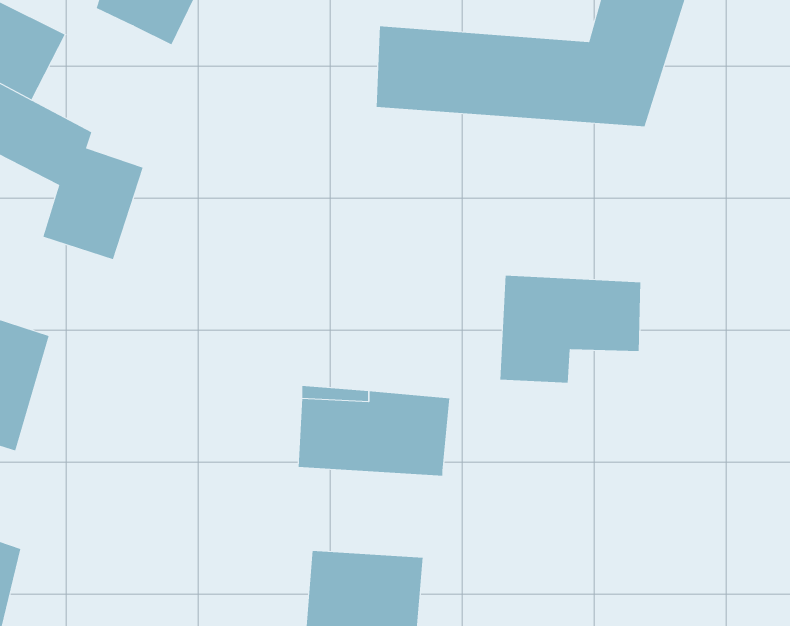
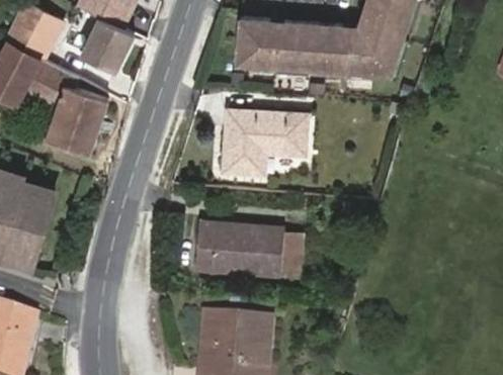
building: none -> [82,16,136,71]
building: [500,275,641,383] -> [224,110,305,172]
building: none -> [278,228,304,271]

